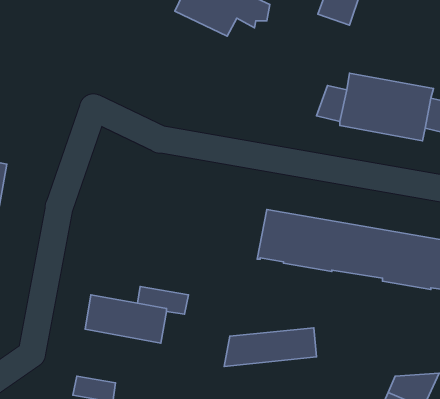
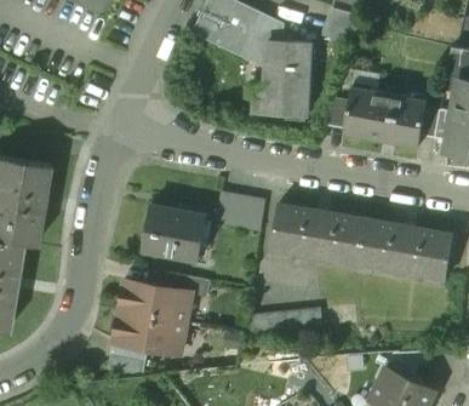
building: none -> [244,38,309,115]
building: none -> [216,195,264,230]
building: none -> [142,207,206,261]
building: none -> [113,311,185,355]

